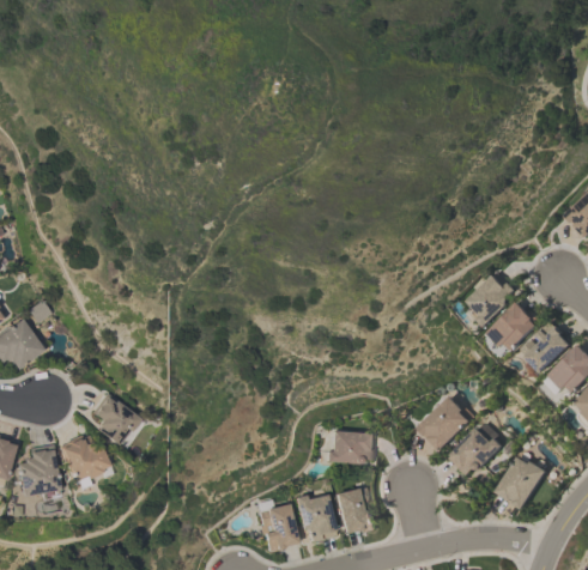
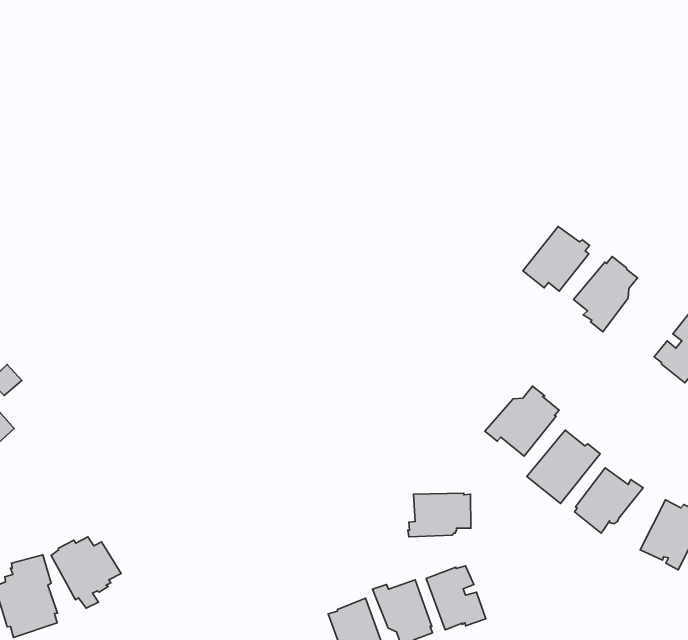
building: [487,301,539,348] -> [523,226,590,291]
building: none -> [485,386,559,456]
building: [92,393,140,443] -> none

